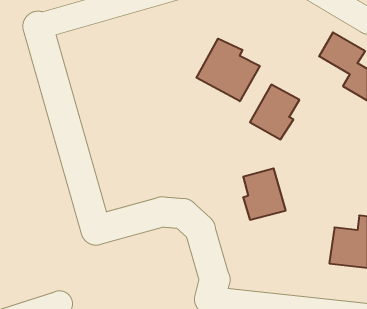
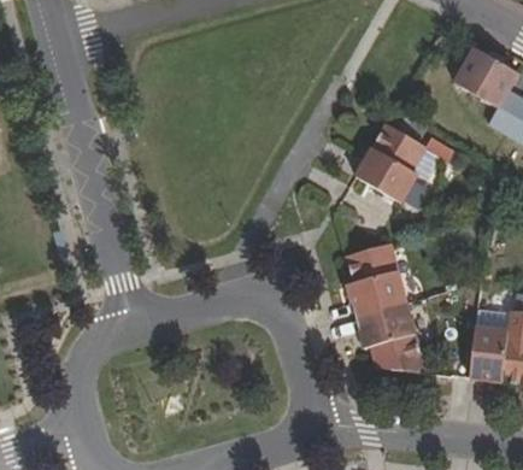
building: [196,39,260,101] -> none
building: none -> [355,302,425,372]

